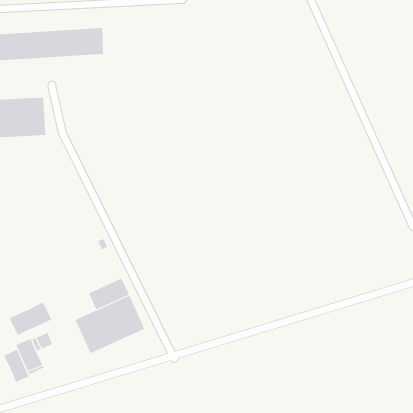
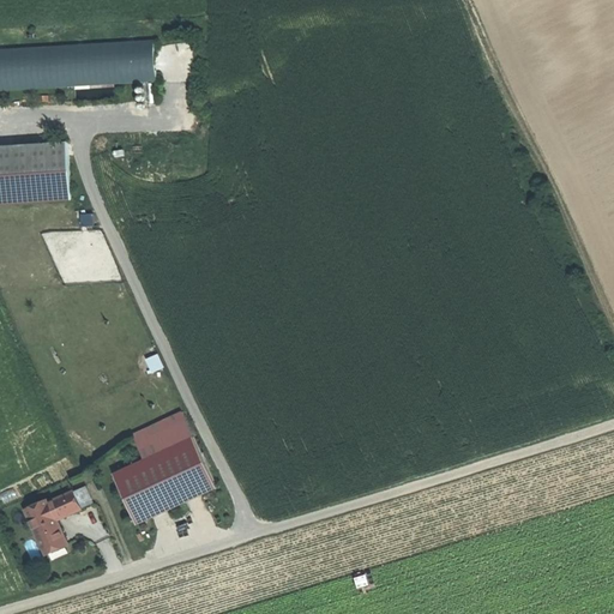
building: [9,302,52,335] -> none
building: [4,349,29,383] -> none

